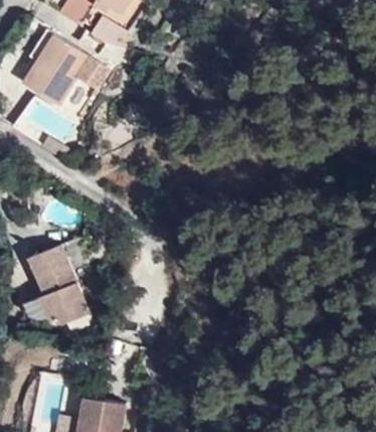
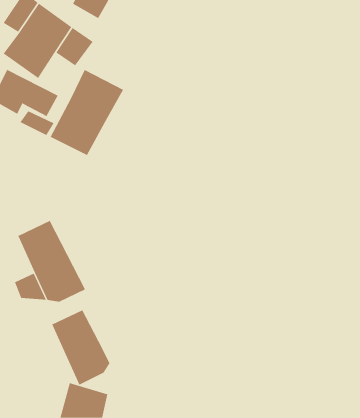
building: none -> [50,69,124,156]
building: none -> [52,309,110,385]

